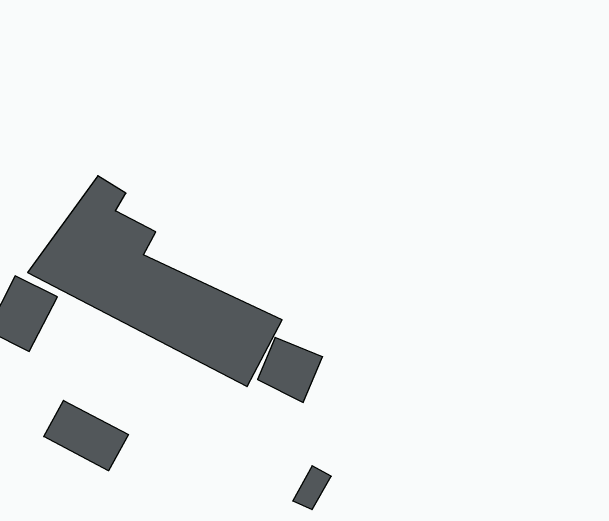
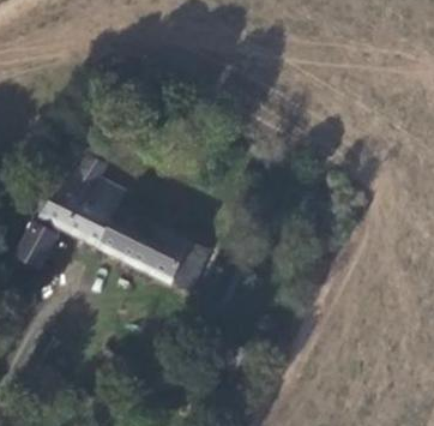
building: [44,400,128,471] -> none

